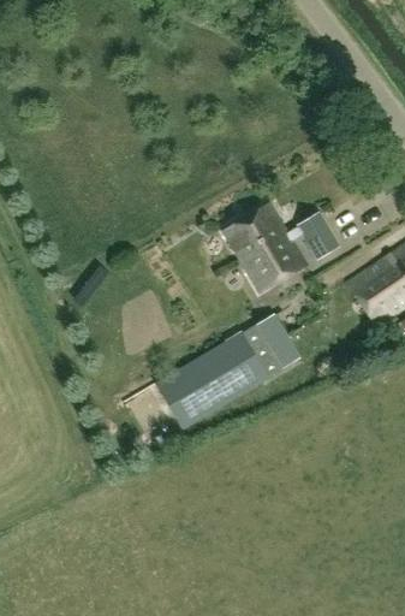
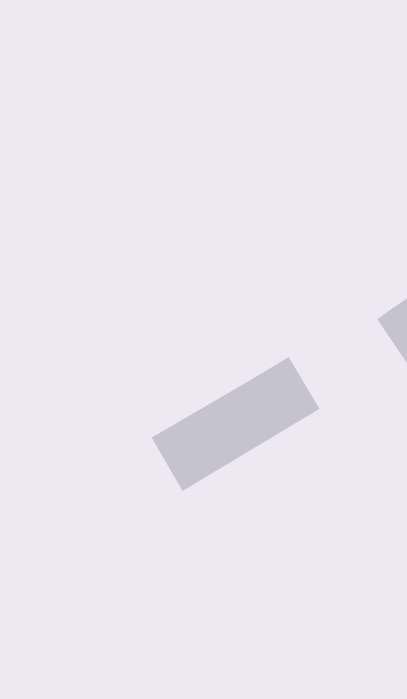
building: [224,203,308,292] -> none
building: [297,211,339,259] -> none

